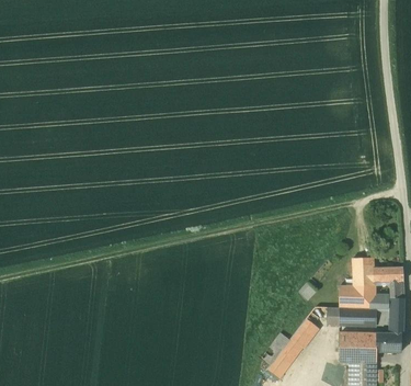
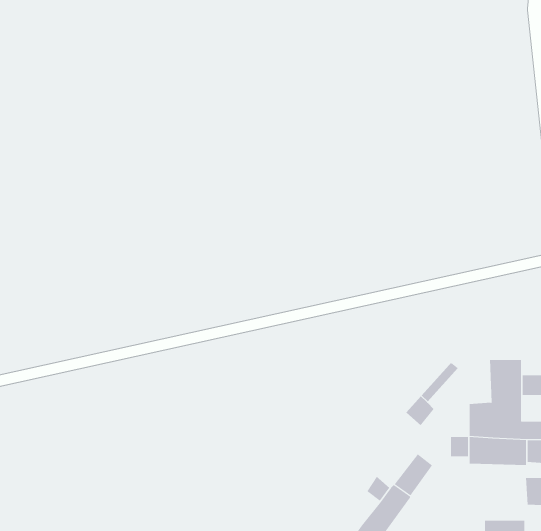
building: [339,333,377,361] -> none

